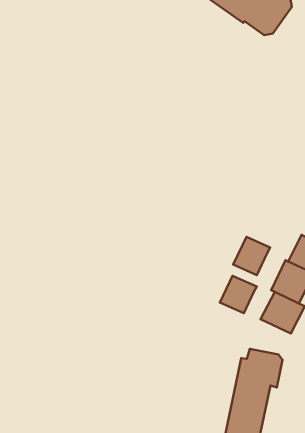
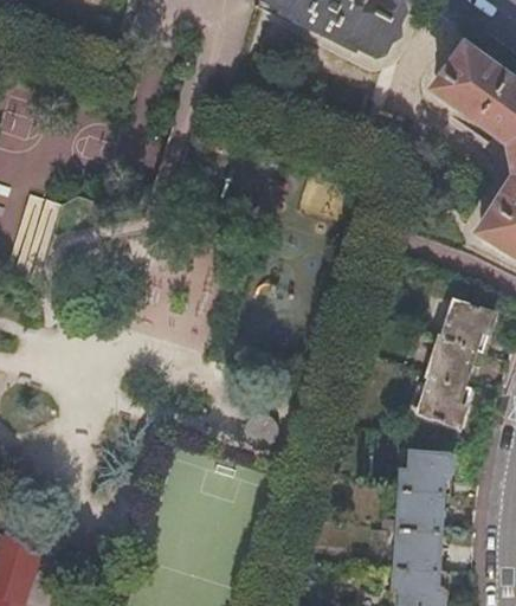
building: [233,237,270,275] -> none
building: [220,276,257,313] -> none

